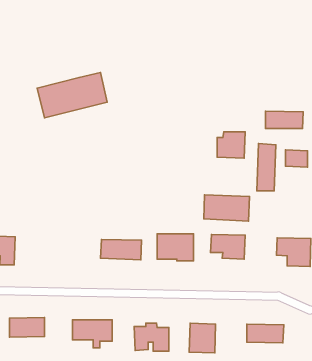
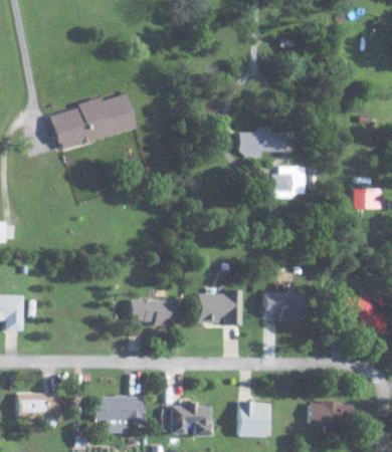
building: [265,111,303,128] -> [239,132,285,153]
building: [257,144,276,191] -> none
building: [204,195,249,221] -> none

